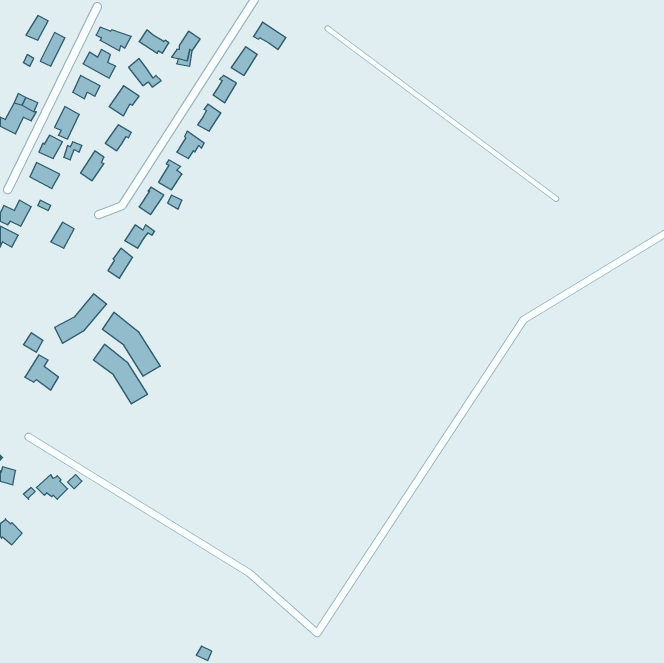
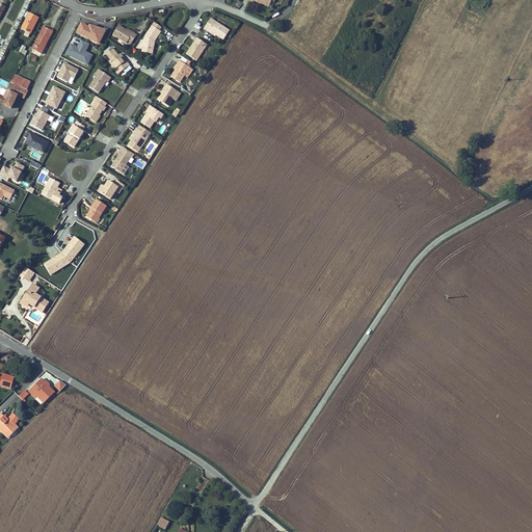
building: [102,312,160,376] -> none
building: [94,344,147,404] -> none

